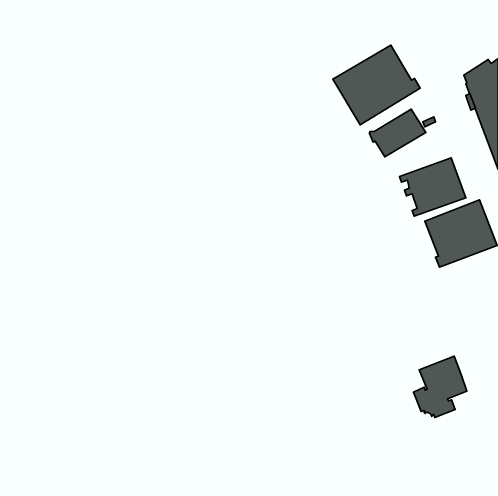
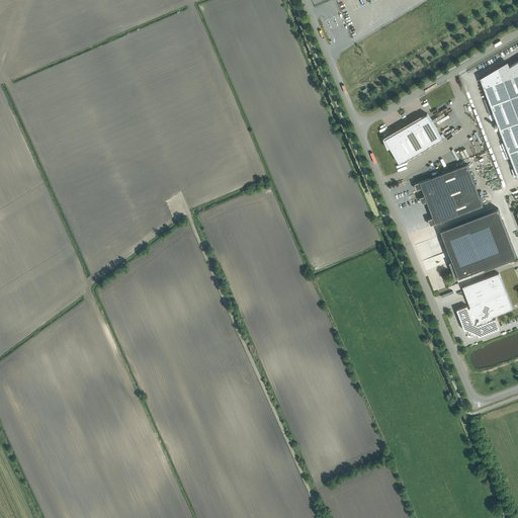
building: [333,45,420,125] -> none
building: [413,356,467,417] -> [456,274,512,338]

